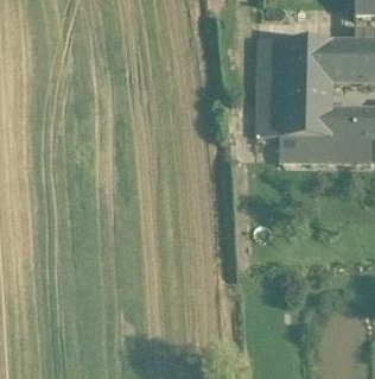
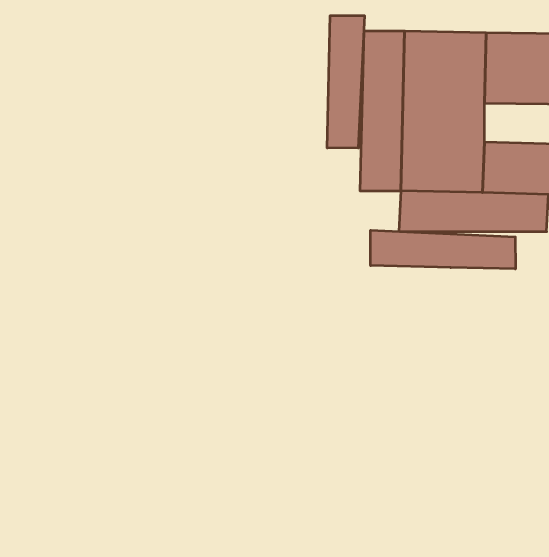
building: none -> [327,16,364,148]
building: none -> [371,230,515,269]

